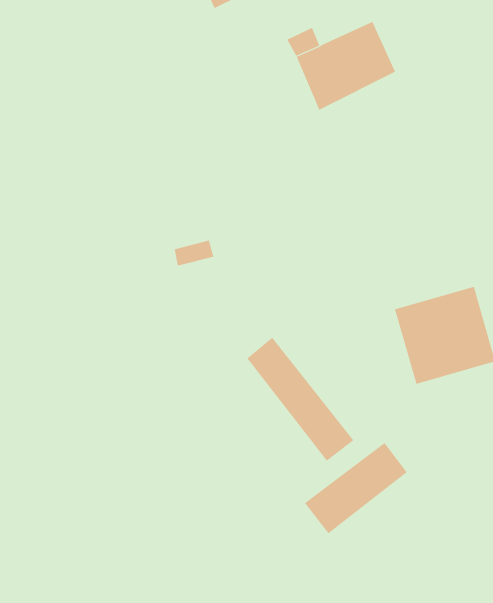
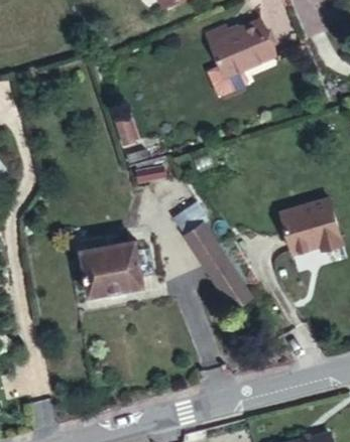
building: none -> [74,241,144,294]
building: [304,442,407,534] -> none

